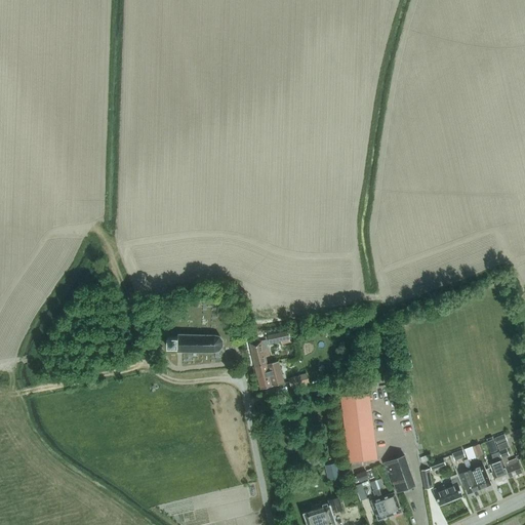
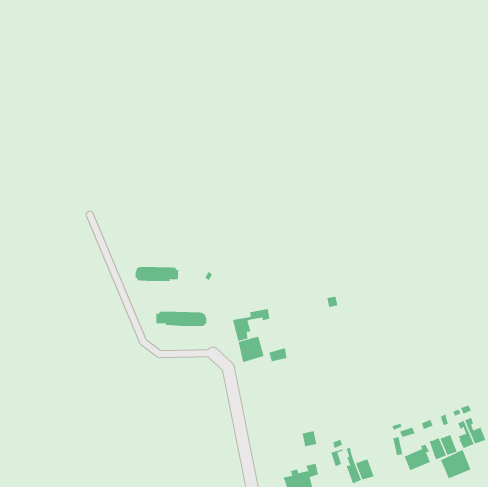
building: none -> [135,266,179,285]
building: [340,394,377,463] -> none
building: [383,456,415,493] -> none
building: none -> [440,449,471,479]

